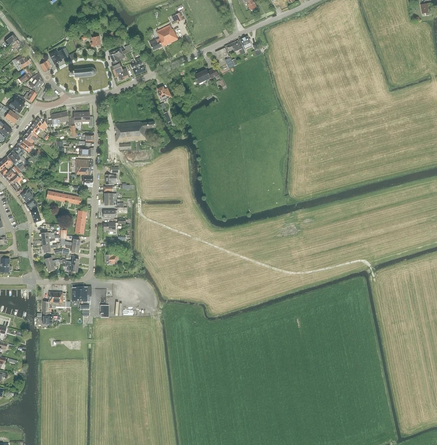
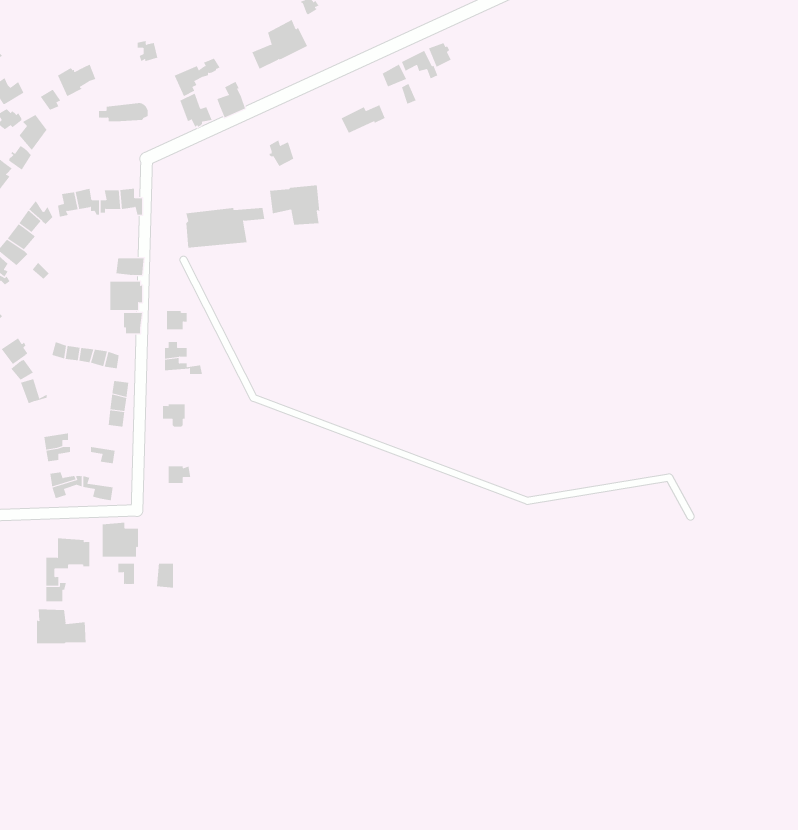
building: none -> [270,185,320,225]
building: none -> [36,609,86,644]

